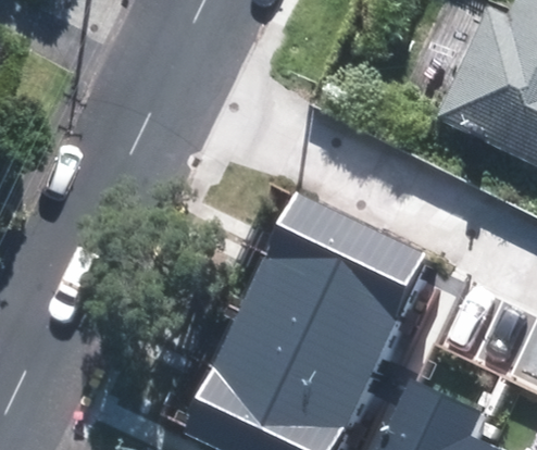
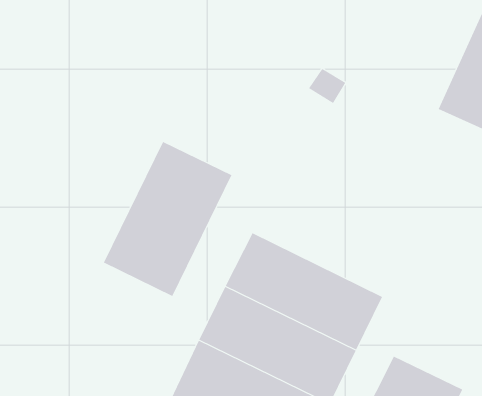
building: none -> [103,141,232,297]
building: [265,191,429,317] -> none

